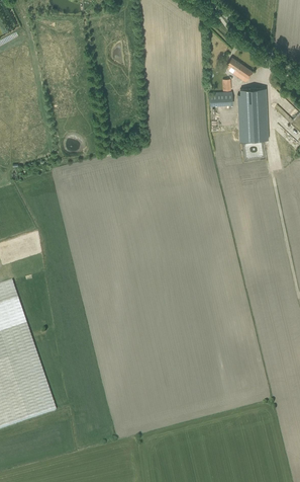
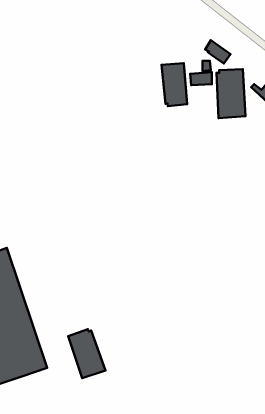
building: none -> [161,63,187,106]
building: none -> [68,329,105,378]

